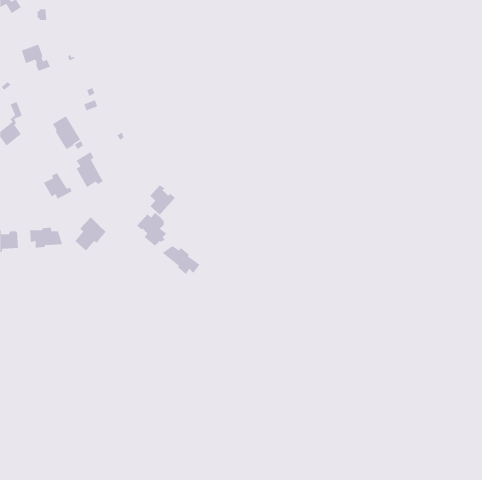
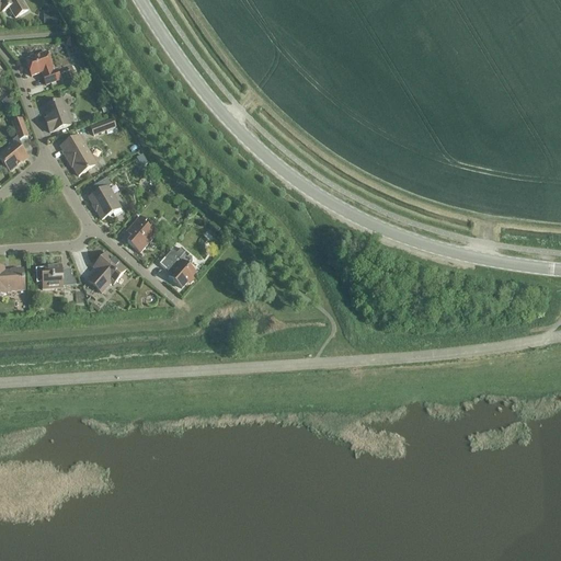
building: none -> [43,99,69,130]
building: [43,172,73,200] -> none
building: [149,184,176,216] -> [126,215,157,251]
building: [161,245,200,275] -> none

